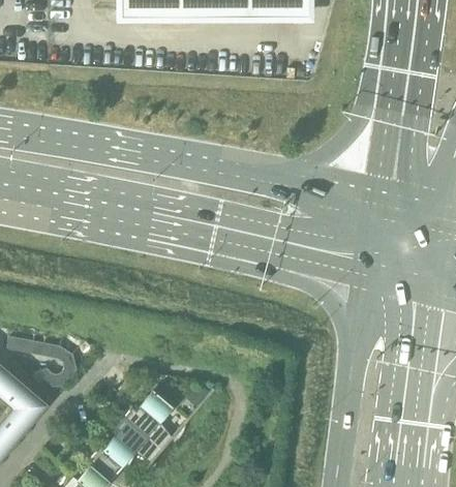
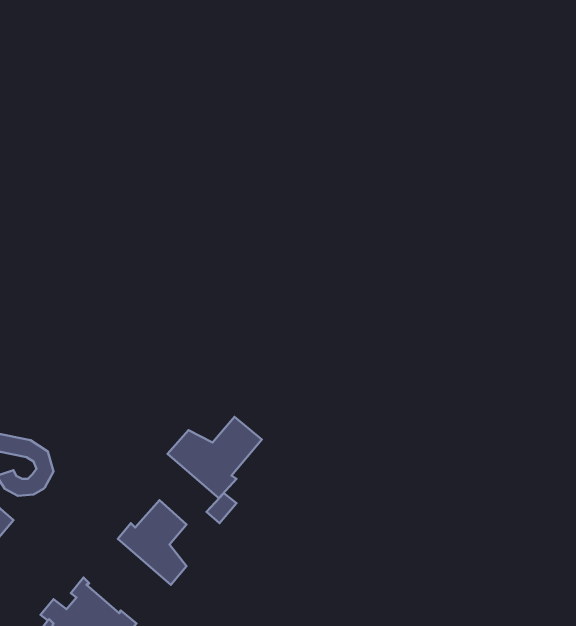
building: none -> [168,417,262,498]
building: [100,418,161,471] -> none

